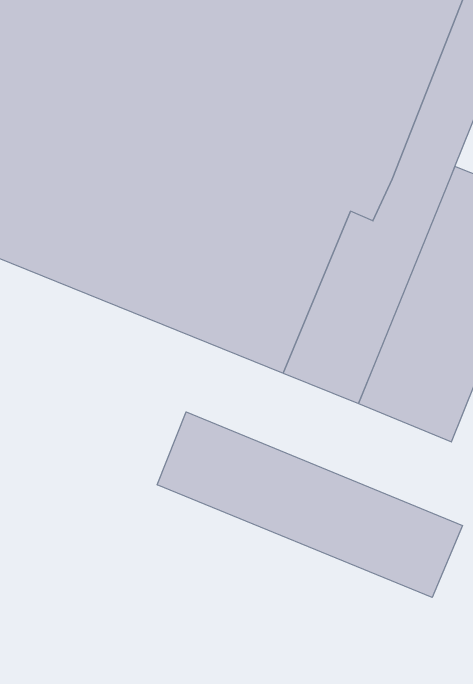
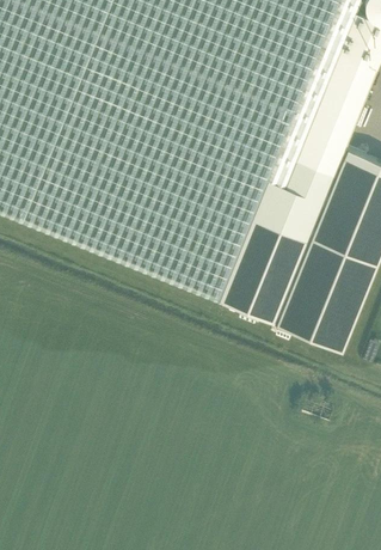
building: [157,412,462,597] -> none

